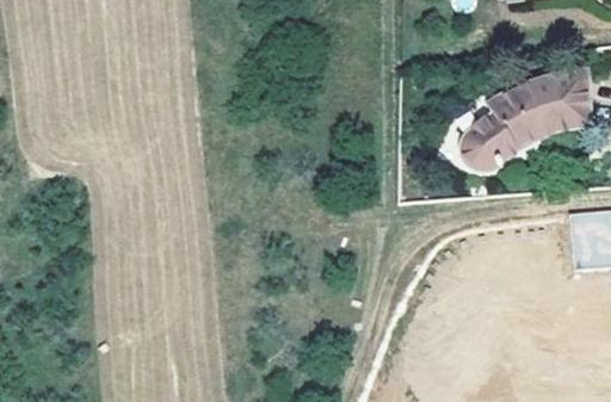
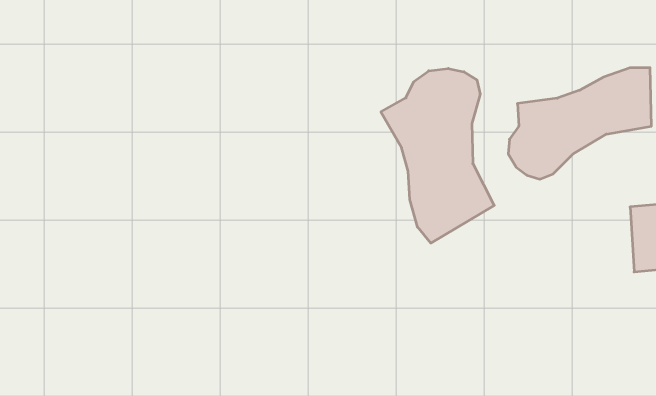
building: none -> [381,68,494,243]

